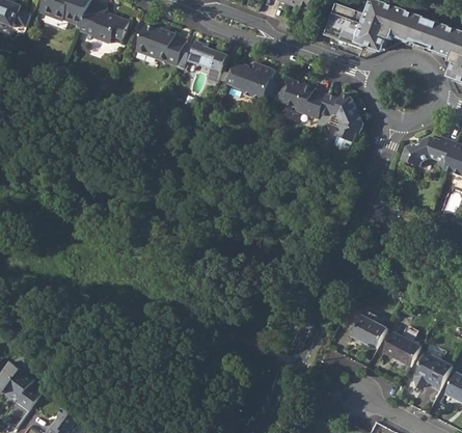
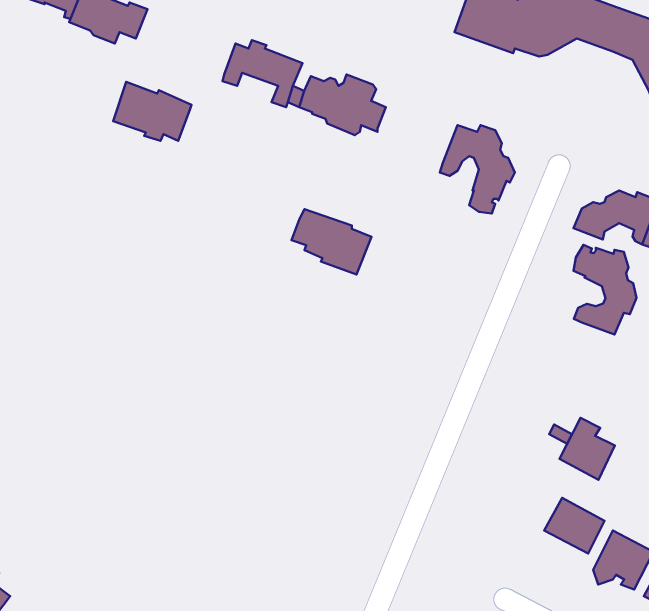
building: [136,24,186,61] -> [113,82,191,141]
building: [275,76,326,117] -> [291,209,371,275]
building: none -> [573,245,637,335]
building: [350,308,385,348] -> [559,418,615,480]

